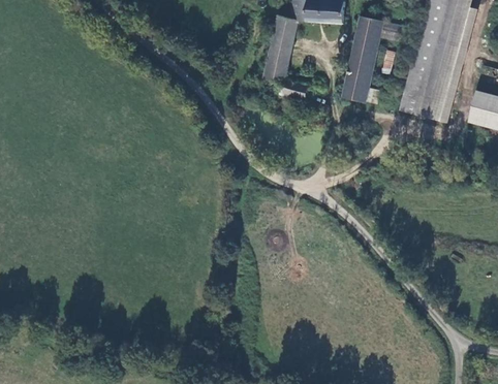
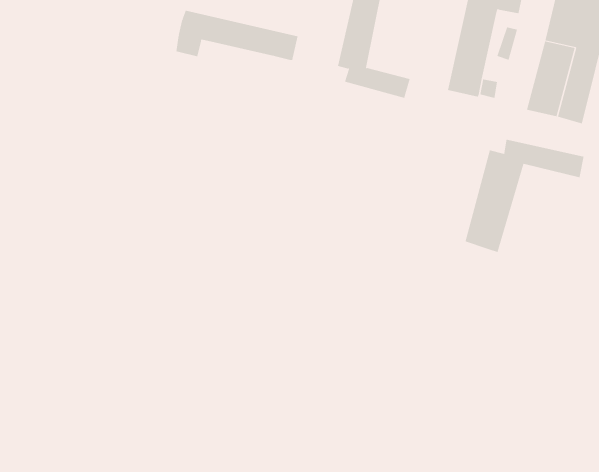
building: none -> [176,10,298,61]
building: none -> [465,139,584,253]

